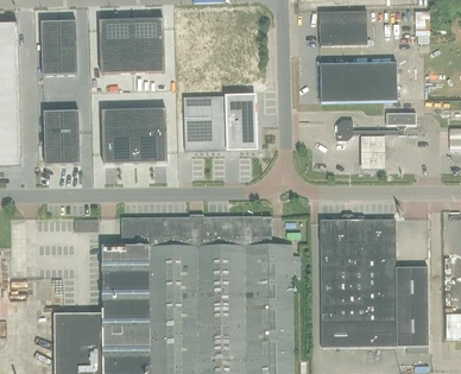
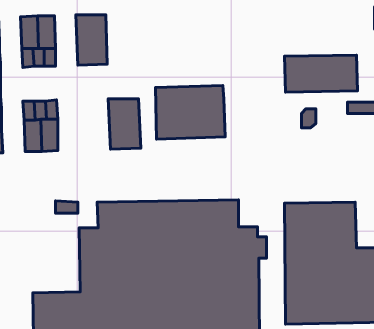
building: [318,9,366,44] -> none
building: [130,18,163,71] -> none
building: [100,108,134,163] -> none
building: [359,134,384,169] -> none

